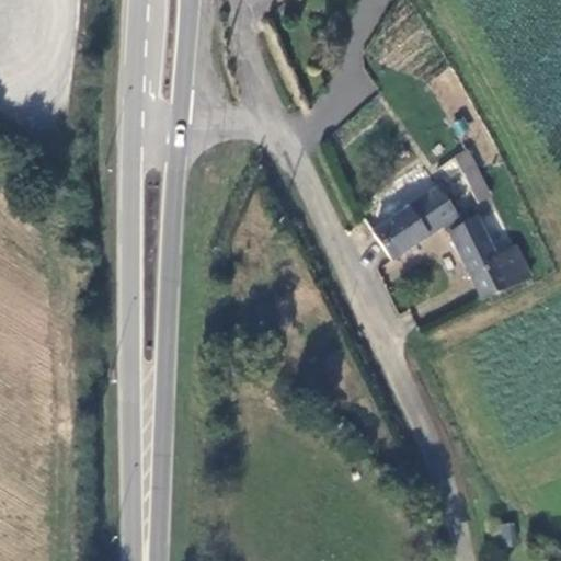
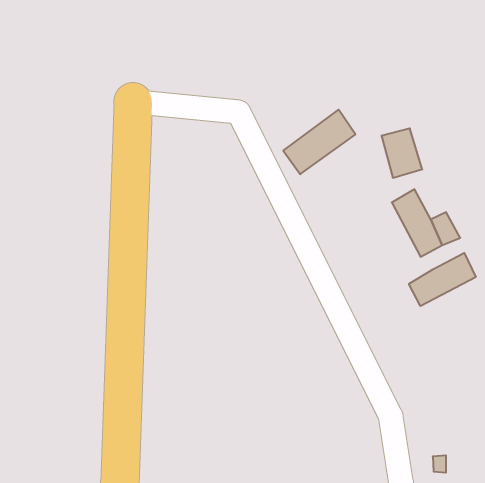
building: [374,186,457,261] -> [283,110,355,174]
building: none -> [409,253,476,306]

